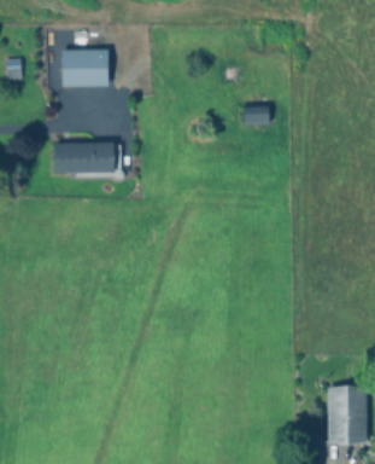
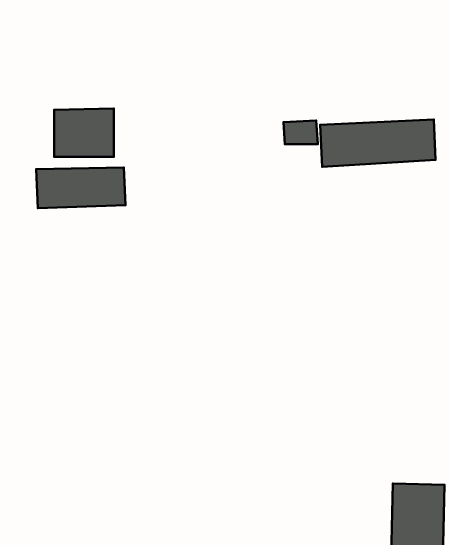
building: [63,50,109,87] -> [54,108,114,157]
building: none -> [320,120,436,167]

